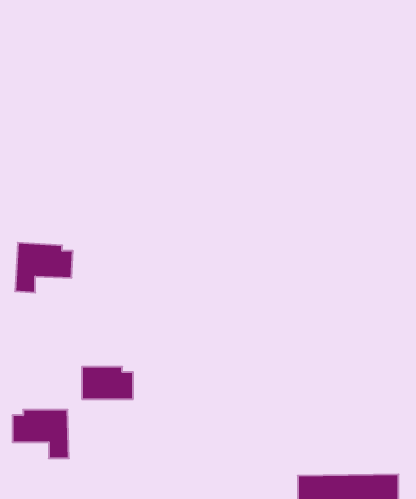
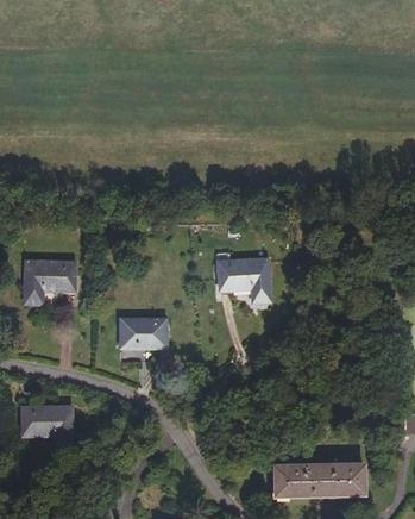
building: none -> [219,260,270,304]
building: [82,367,133,399] -> [121,319,166,348]

